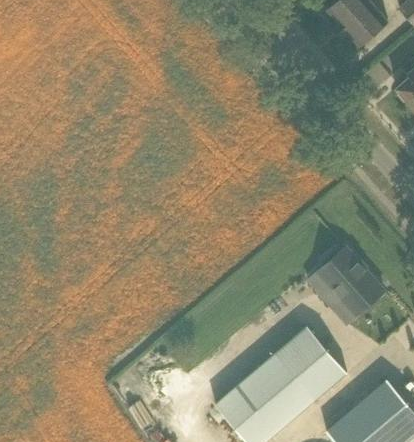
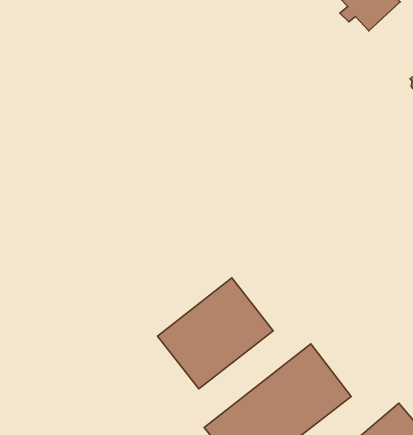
building: [317,248,385,325] -> none
building: none -> [157,278,273,389]

